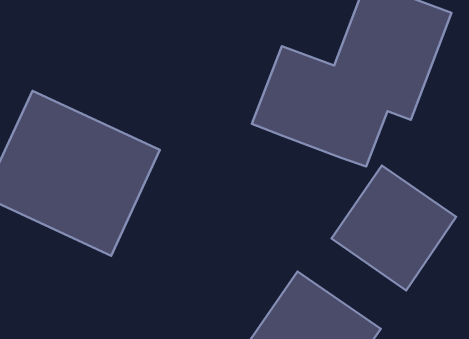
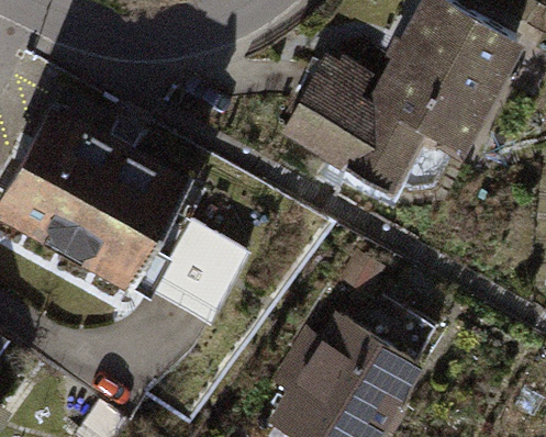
building: [331,166,456,291] -> none

